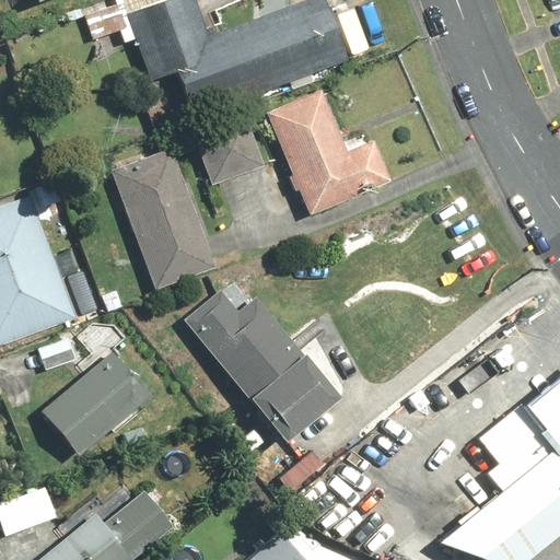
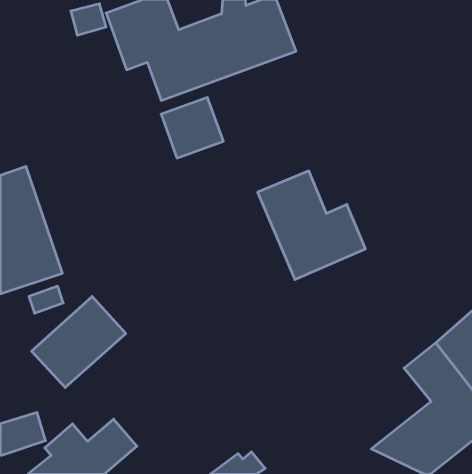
building: [266,90,393,218] -> [258,171,365,280]
building: [112,147,217,290] -> none
building: [183,279,338,442] -> none

